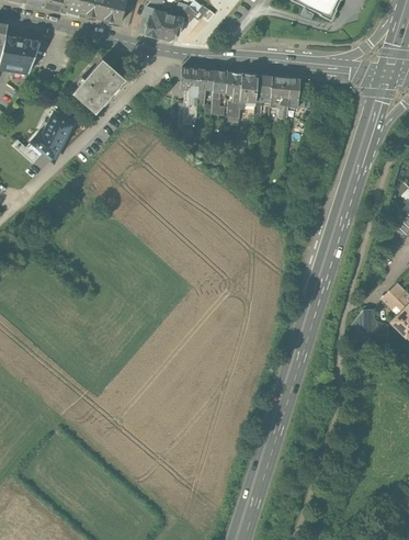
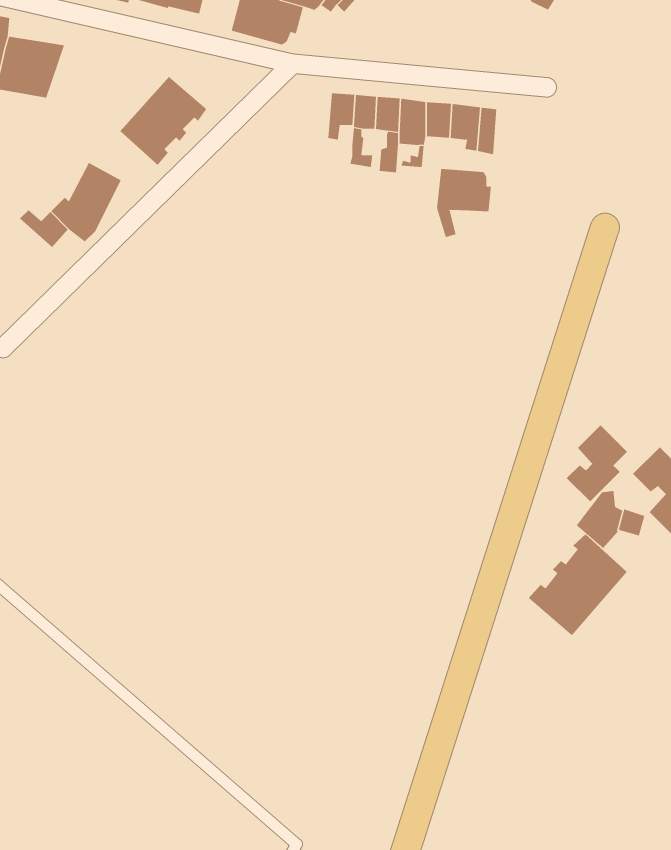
building: [180,68,200,98] -> none
building: none -> [437,168,492,238]
building: none -> [566,424,628,502]
building: none -> [528,534,628,636]

